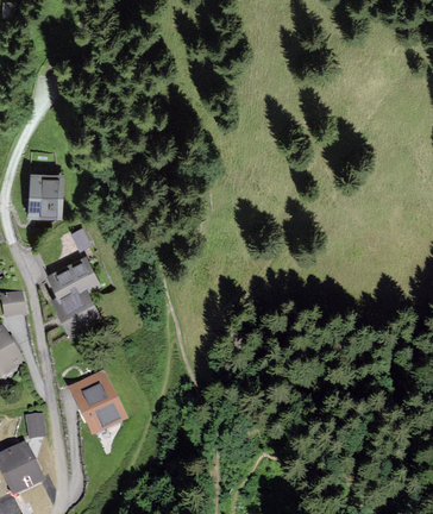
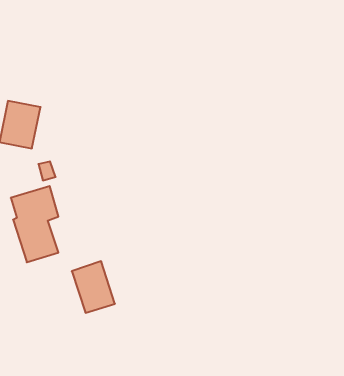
building: [70,372,121,430] -> [72,261,115,313]

